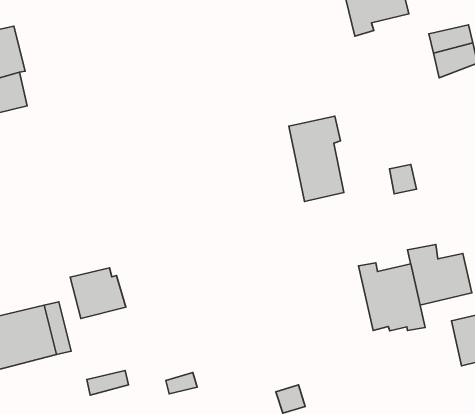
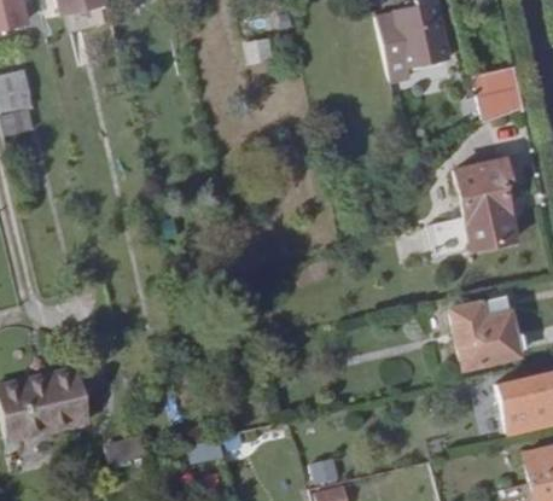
building: [289,116,344,202] -> [456,158,516,250]
building: [358,263,425,331] -> none
building: [70,268,126,318] -> none

